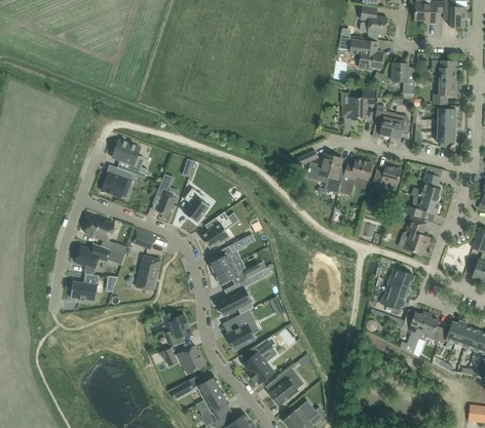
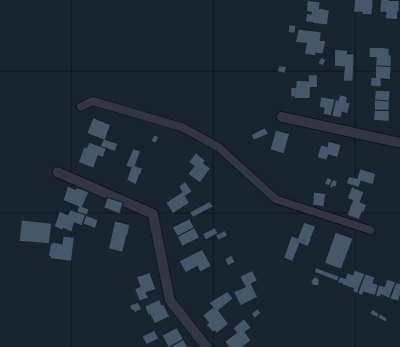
building: [338,159,372,195] -> none
building: [420,172,442,202] -> none
building: [183,188,210,223] -> [187,152,211,183]
building: none -> [19,220,51,244]
building: none -> [284,222,316,262]
building: [227,310,255,350] -> [233,270,258,306]

